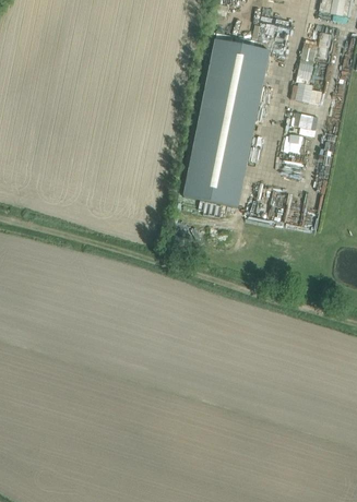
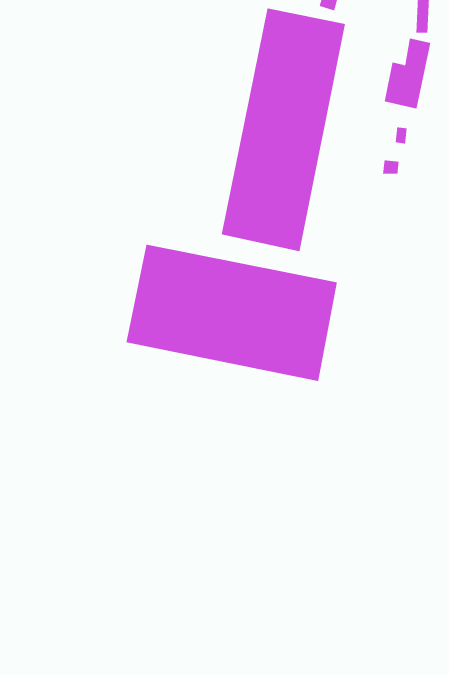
building: none -> [126,244,337,382]

